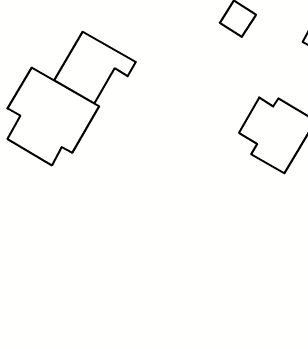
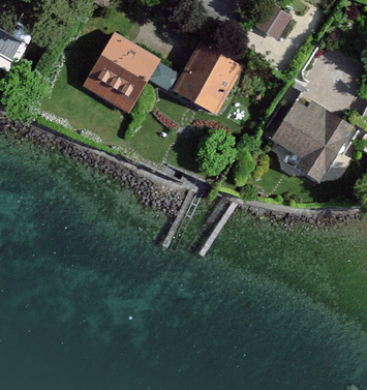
building: none -> [161,46,237,111]
building: [7,68,99,165] -> none

